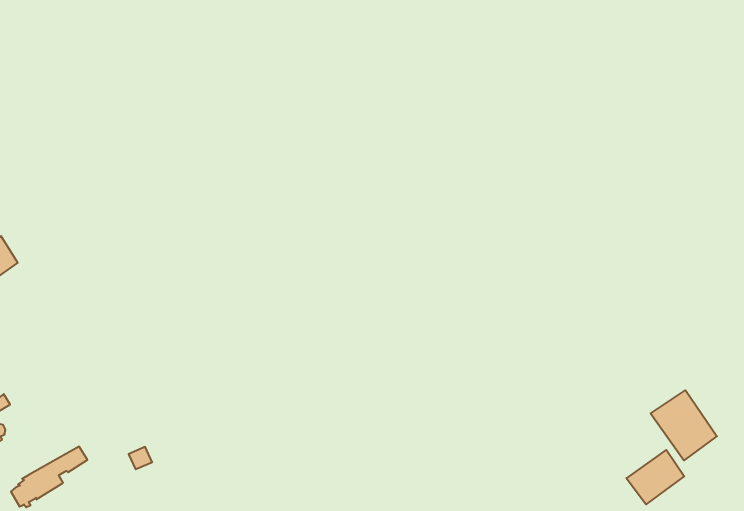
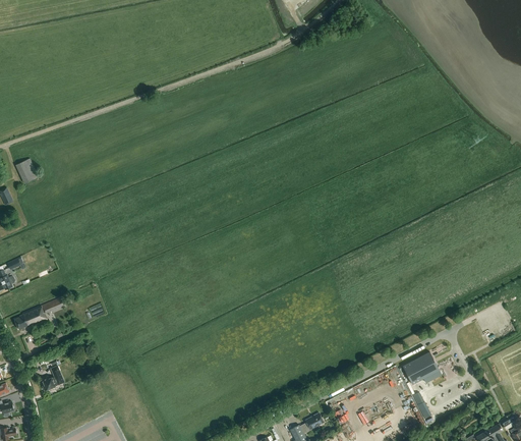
building: [651,390,717,460] -> none

